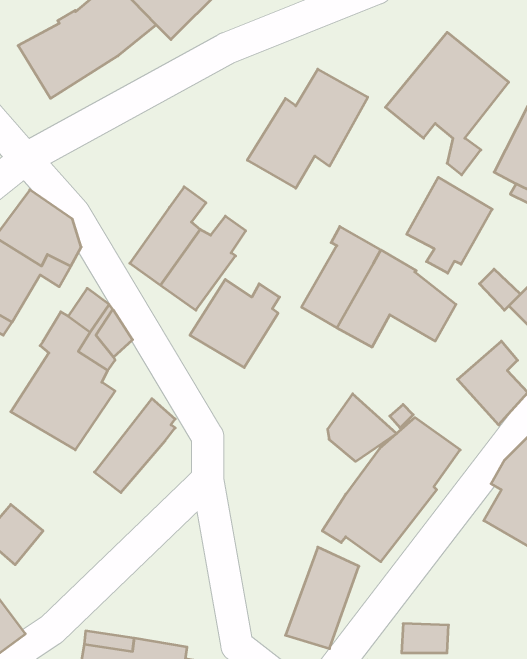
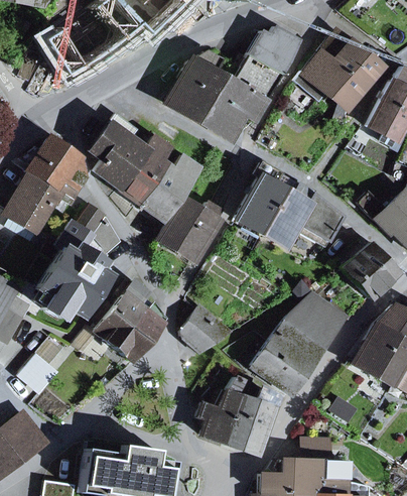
building: none -> [246,27,297,75]
building: none -> [165,51,224,118]
building: none -> [89,116,144,189]
building: [407,177,492,273] -> none
building: [328,394,397,461] -> [180,307,228,354]
building: none -> [111,301,163,361]
building: none -> [195,377,246,444]

